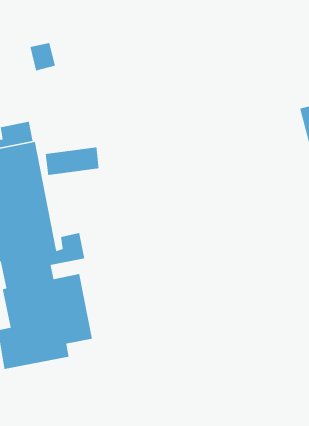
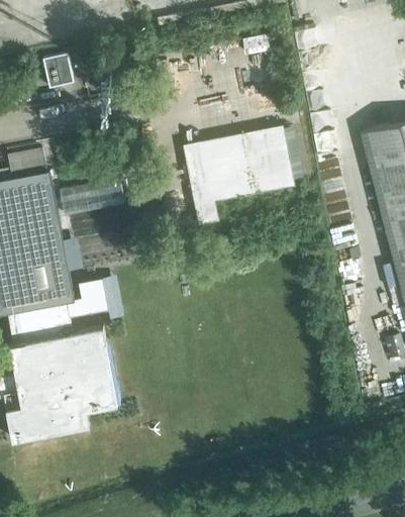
building: none -> [184,127,296,226]

